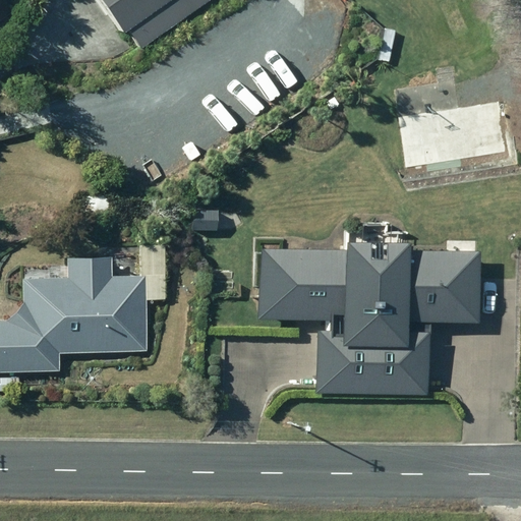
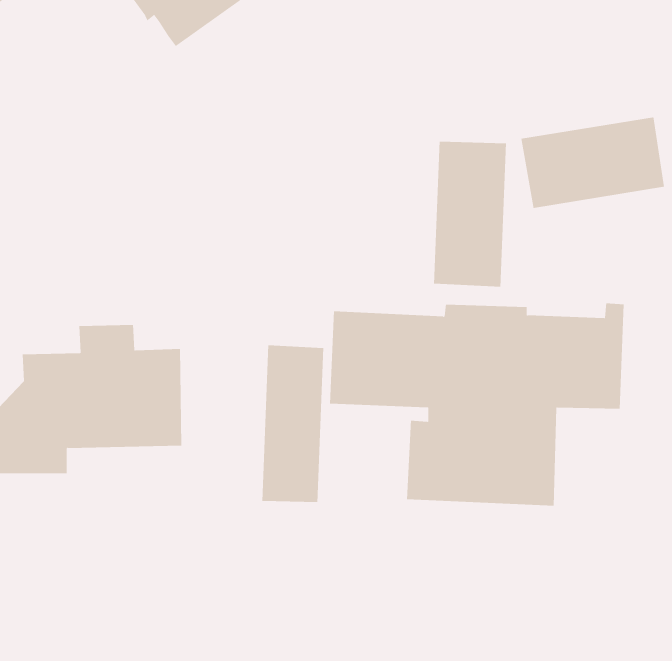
building: none -> [433,141,506,287]
building: none -> [262,345,324,503]

